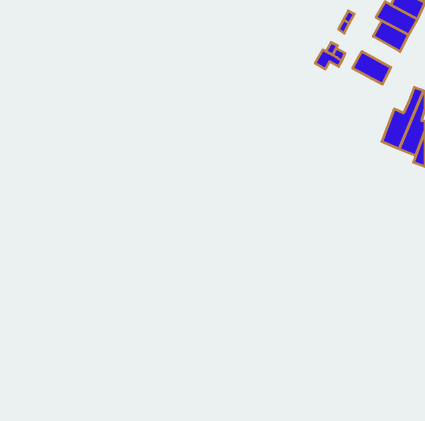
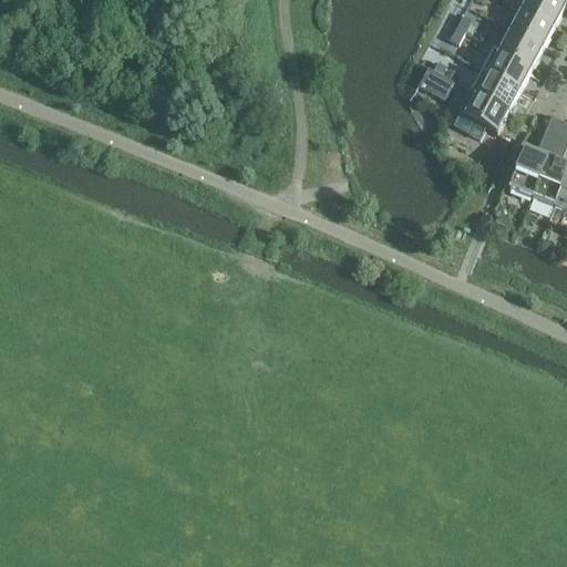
building: none -> [482,47,533,90]
building: none -> [454,91,509,137]

